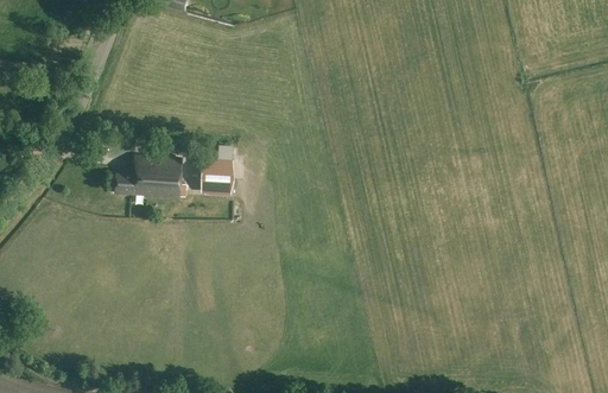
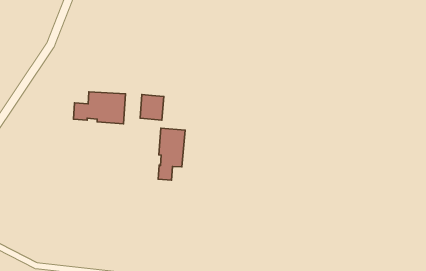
building: none -> [158,128,185,180]

